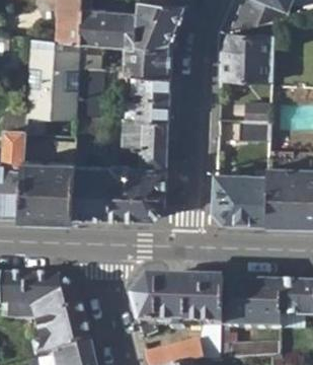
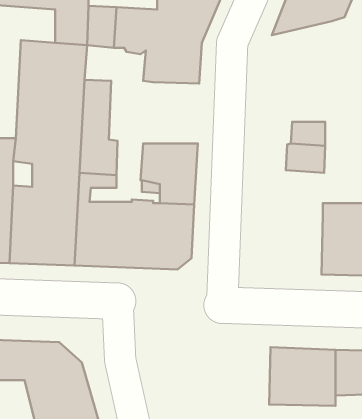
building: [219,20,276,78] -> none
building: [126,69,170,118] -> none
building: [213,173,268,222] -> none
building: [130,277,227,333] -> none

